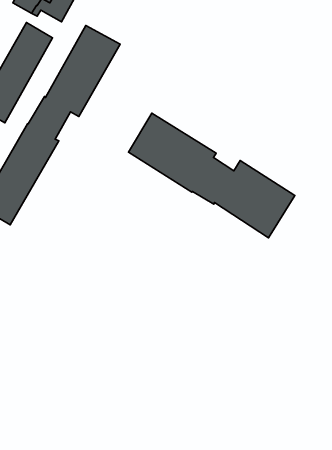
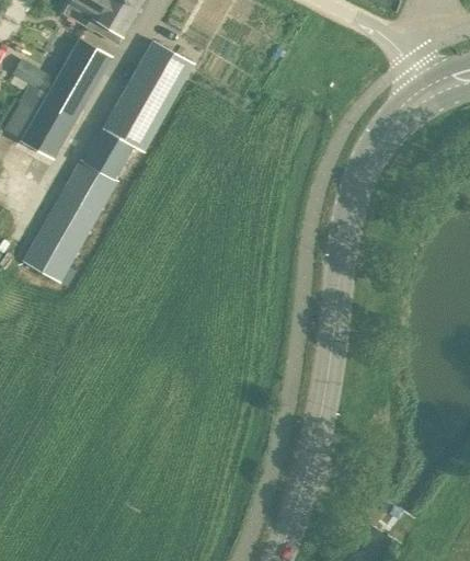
building: [128,113,295,238] -> none

